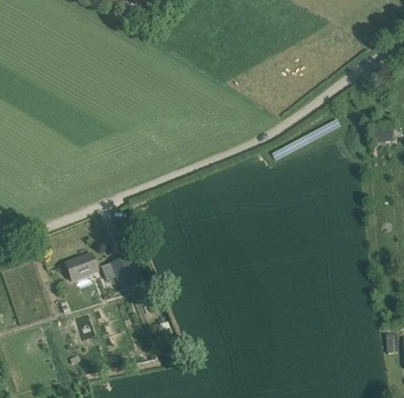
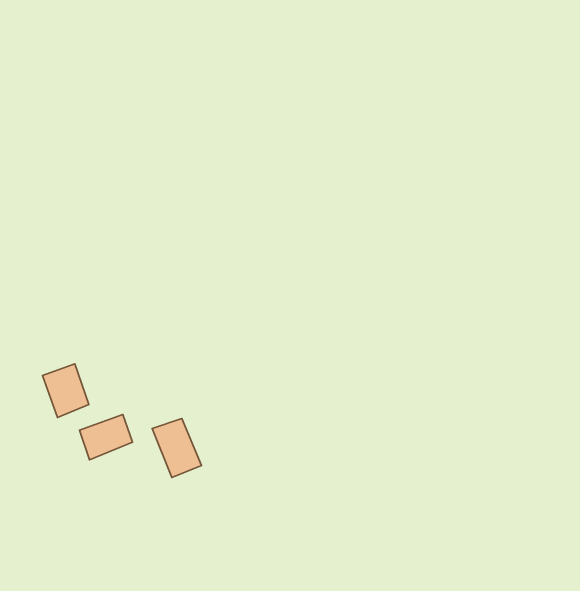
building: none -> [42,364,89,417]

